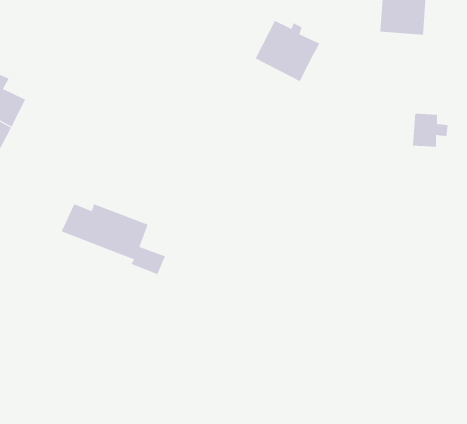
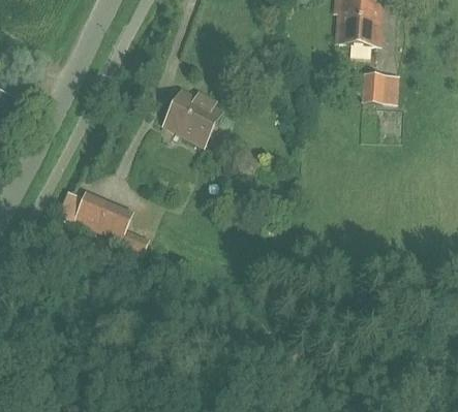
building: [255,20,320,82] -> [163,89,221,144]
building: [412,113,448,147] -> [361,73,393,103]

